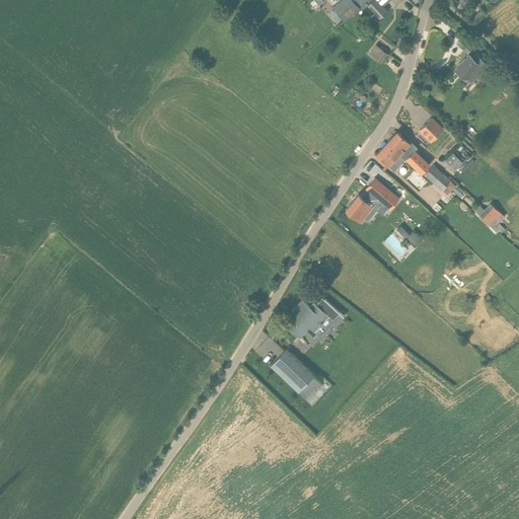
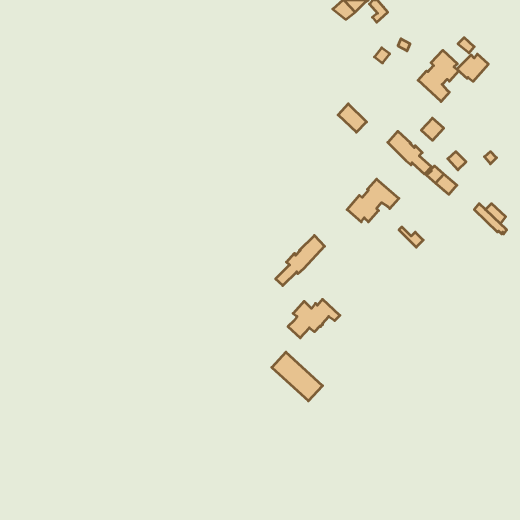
building: none -> [418,50,459,102]
building: [376,142,404,170] -> [338,104,367,132]
building: none -> [276,235,325,286]

